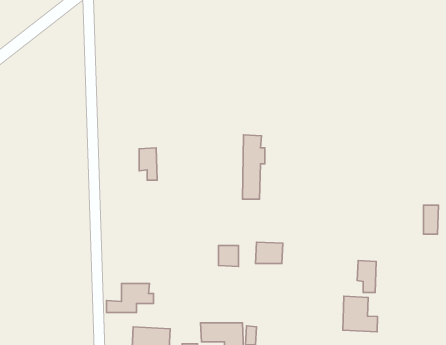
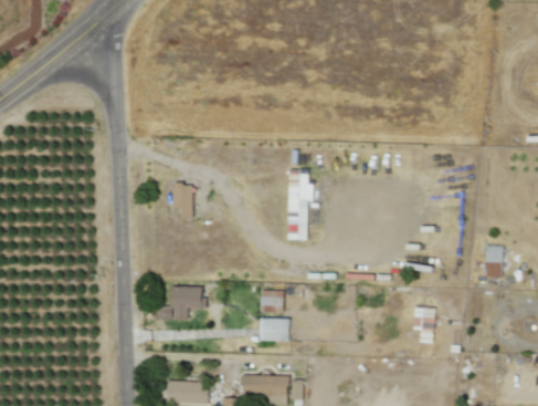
building: [256,242,283,263] -> [261,317,291,341]
building: [106,283,154,313] -> [156,287,208,319]
building: [343,296,378,332] -> none

